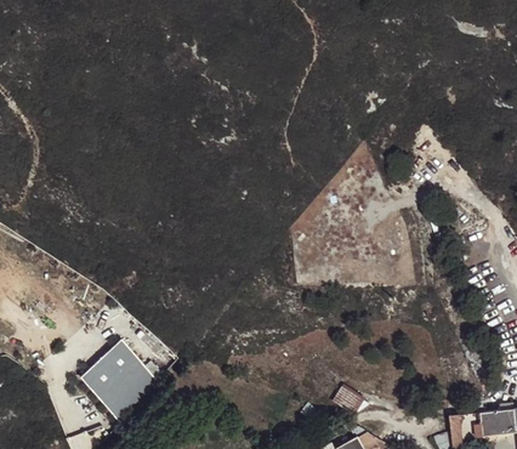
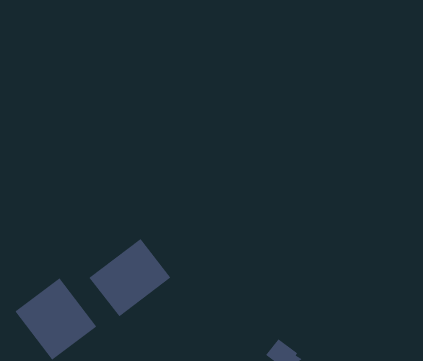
building: none -> [89,238,171,317]

